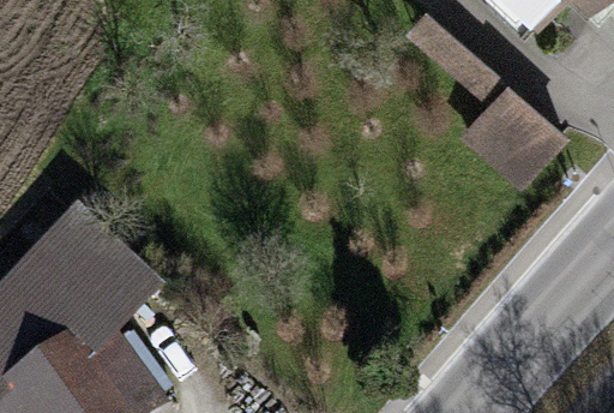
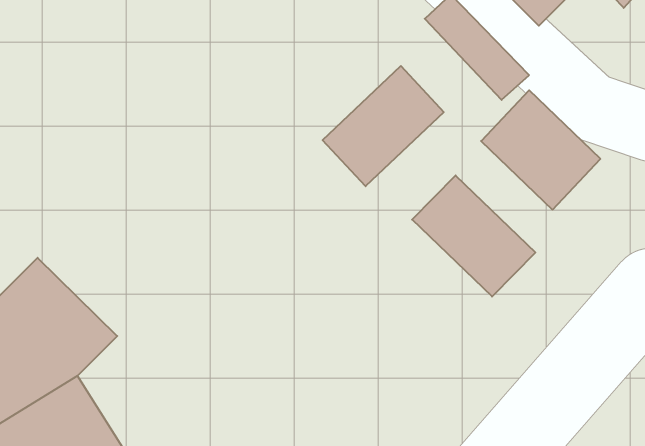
building: none -> [323,66,444,186]
building: none -> [412,175,535,297]

